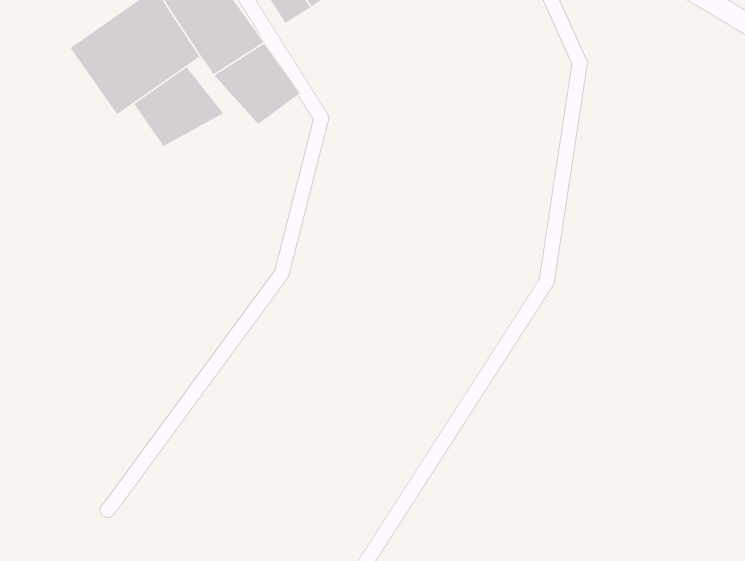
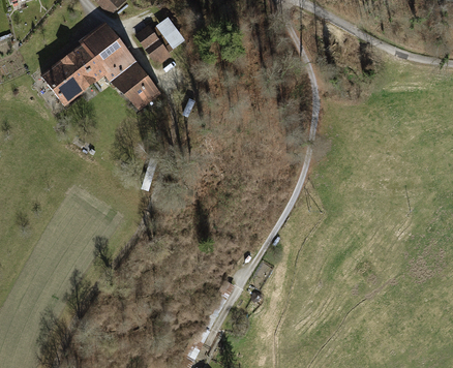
building: [133,66,224,147] -> none

